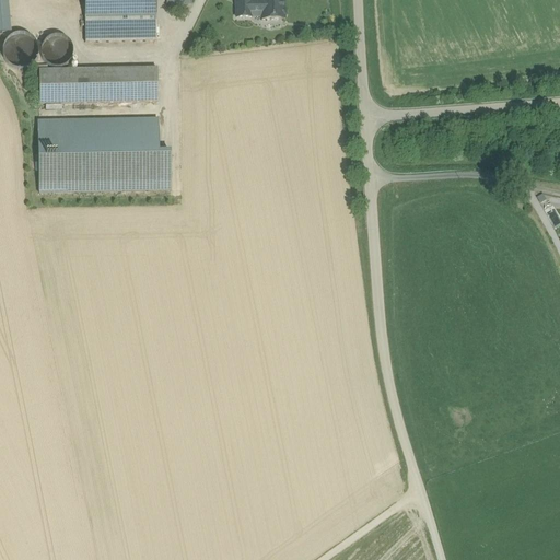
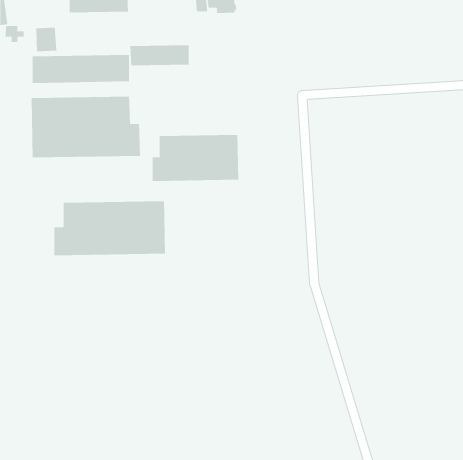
building: [83,14,155,39] -> [129,45,189,66]
building: none -> [152,134,239,182]
building: none -> [54,201,165,256]

